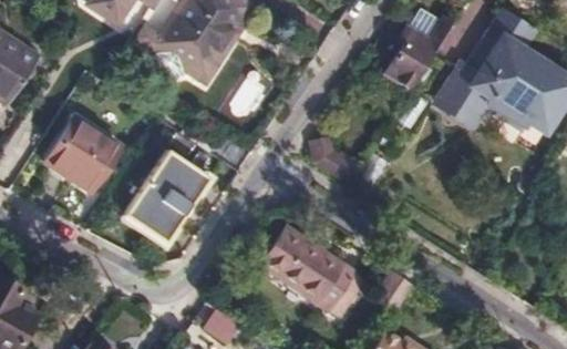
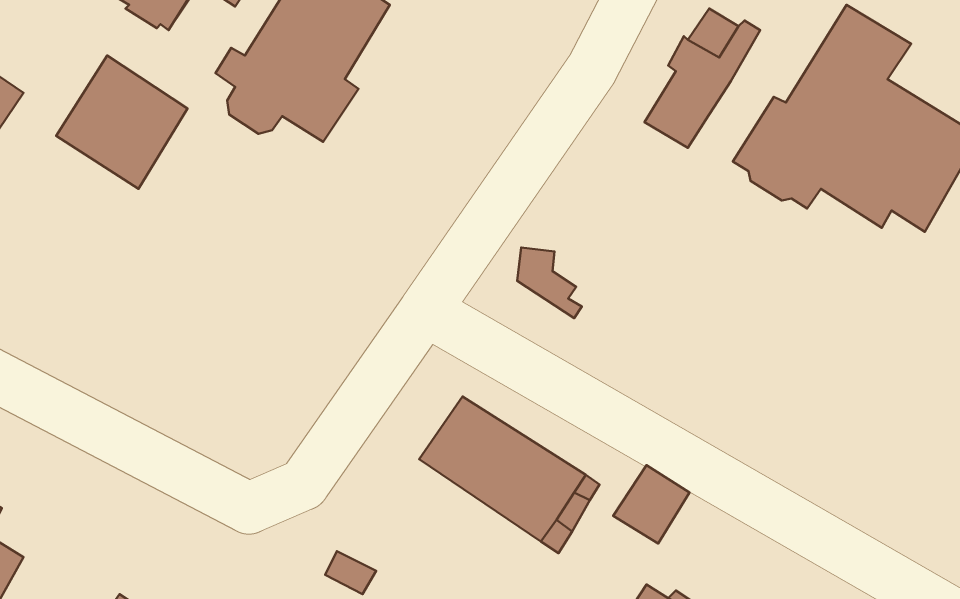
building: [45,115,120,191] -> [56,56,187,189]
building: [123,148,208,240] -> none

